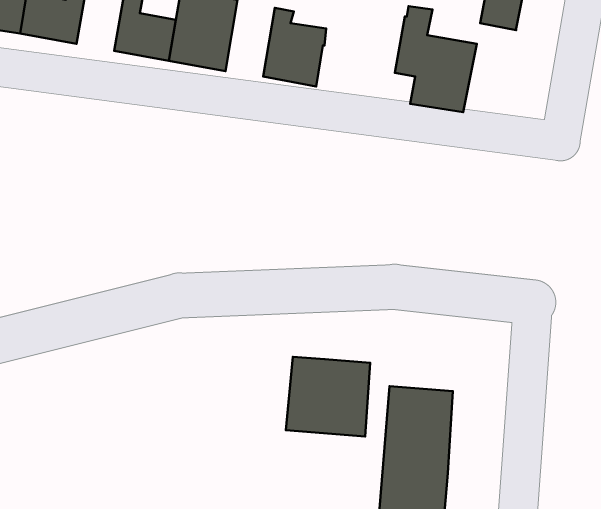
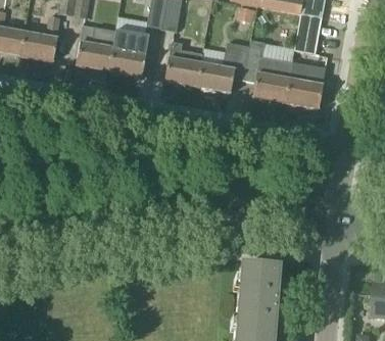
building: none -> [196,41,249,93]
building: none -> [284,61,326,108]
building: [286,357,370,437] -> none

